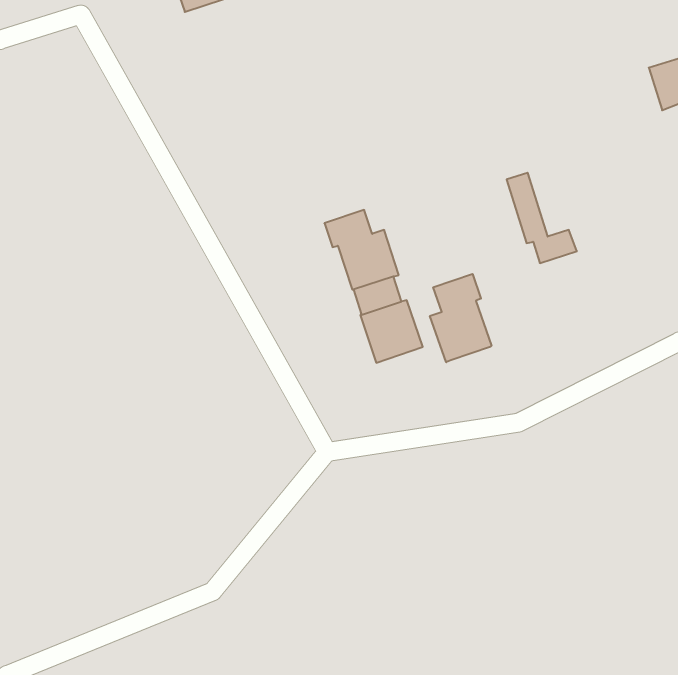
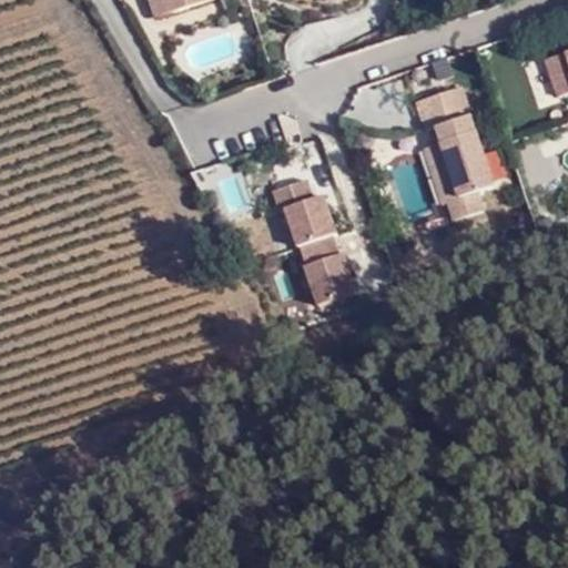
building: none -> [416,88,491,197]
building: [430,274,491,362] -> none

